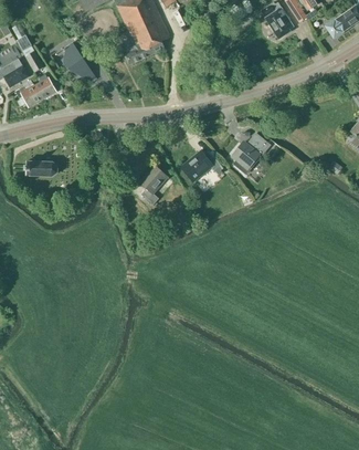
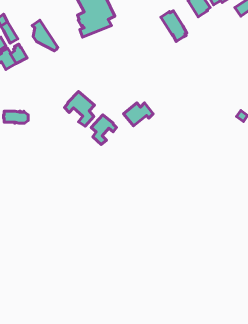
building: none -> [161,11,187,41]
building: [231,133,270,172] -> none
building: none -> [64,91,94,126]

